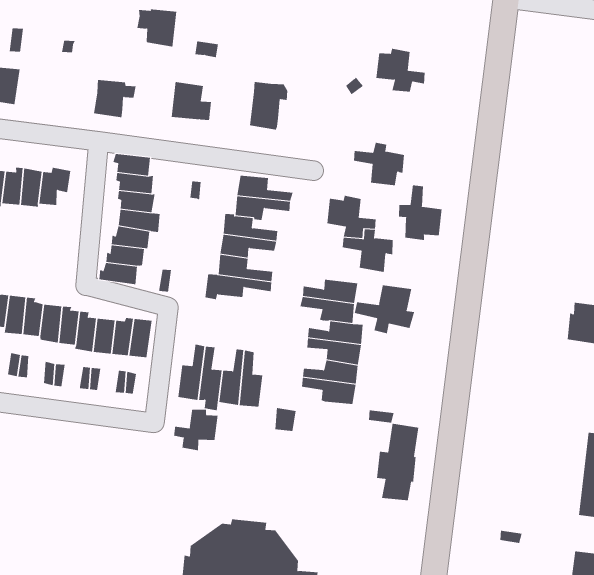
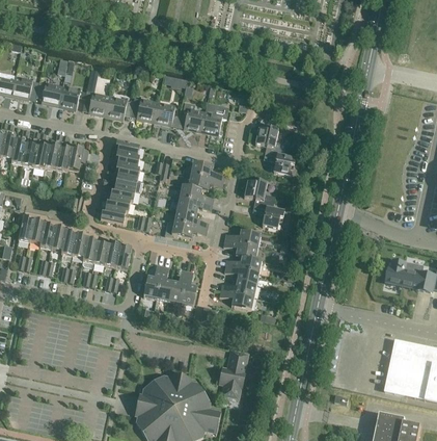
building: [136,9,177,47] -> [132,97,158,122]
building: [375,48,426,92] -> [255,126,286,154]
building: none -> [58,84,81,109]
building: none -> [85,89,110,115]
building: none -> [177,101,206,131]
building: [398,184,442,241] -> none
building: [354,285,415,334] -> none
building: [173,409,218,451] -> none
building: [376,423,419,501] -> [219,349,248,398]

